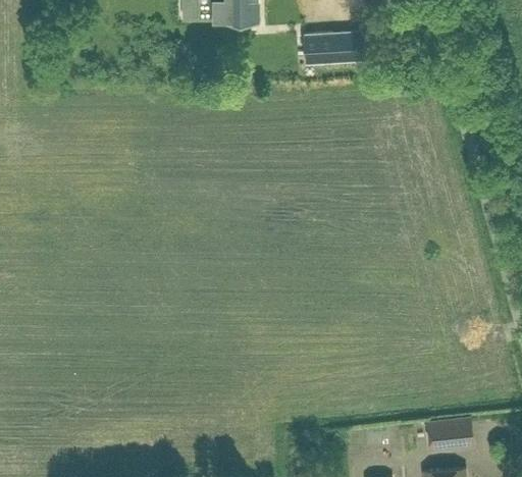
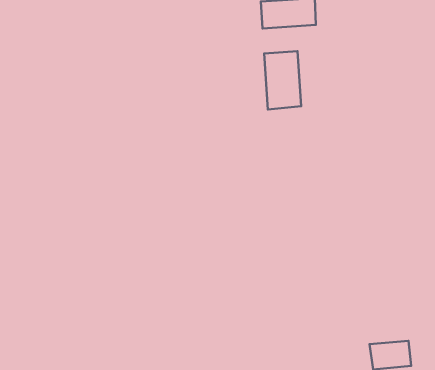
building: none -> [264,51,301,109]

